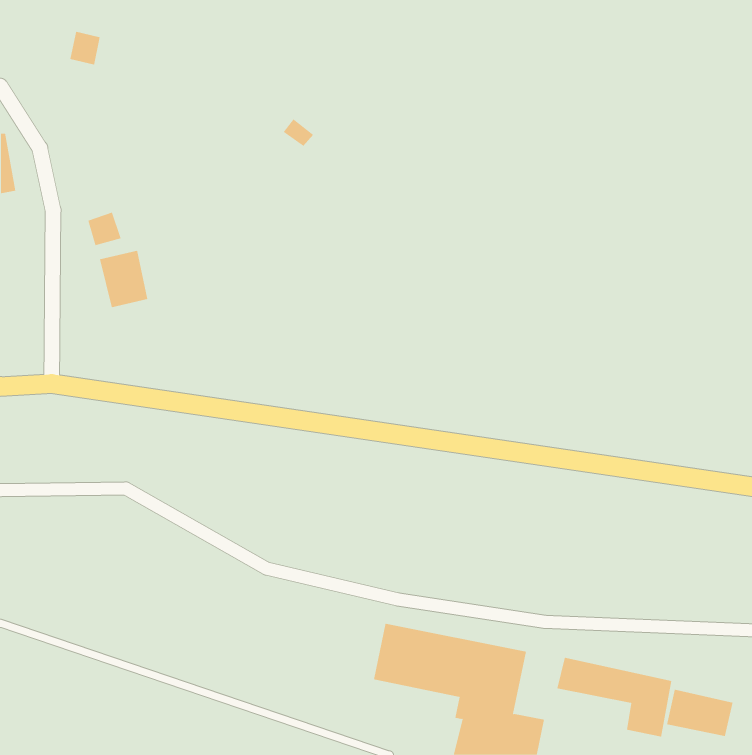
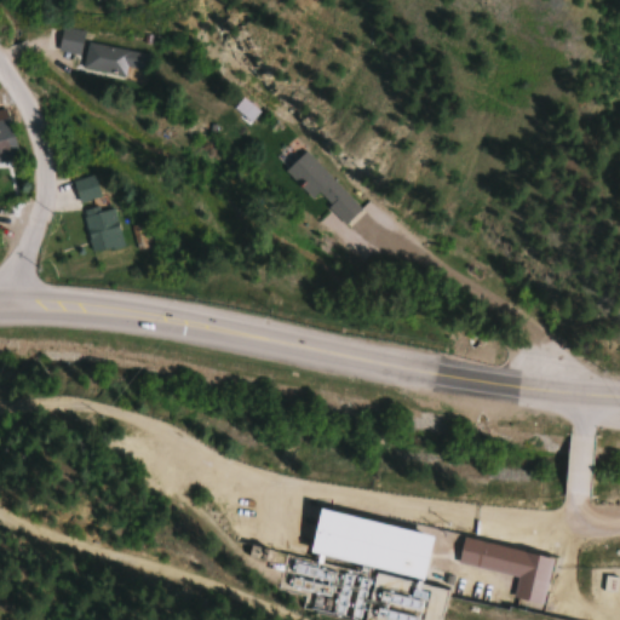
building: none -> [85,41,149,75]
building: none -> [287,149,362,223]
building: [667,689,733,737] -> none

